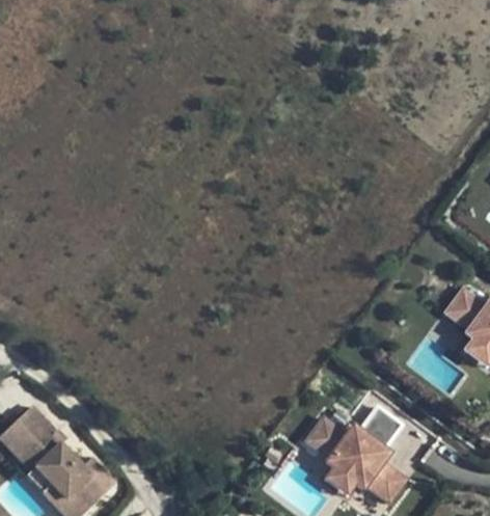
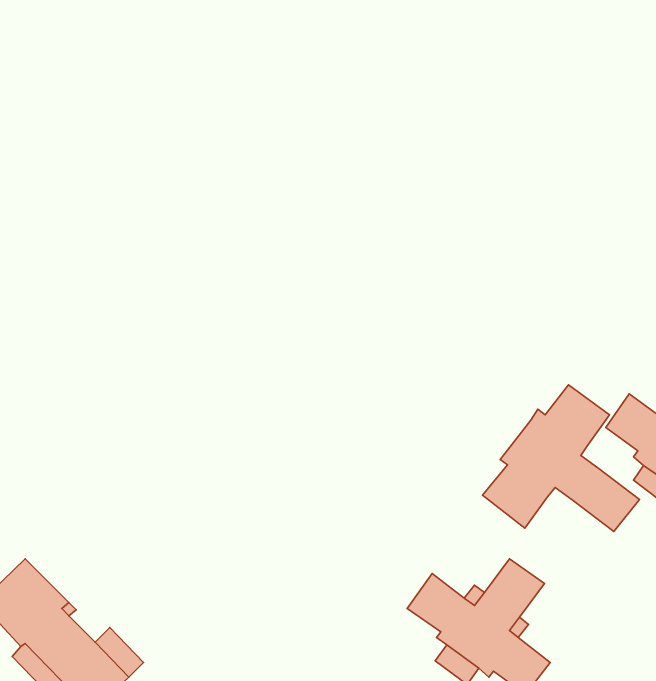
building: none -> [483,385,640,531]

